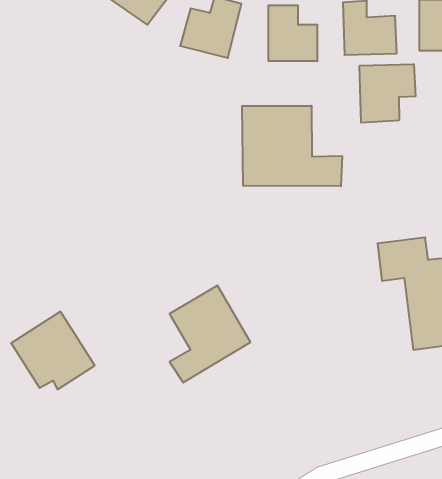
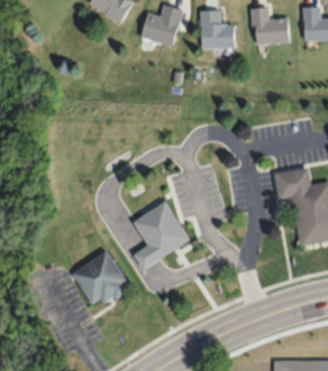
building: [360,64,415,123] -> none
building: [242,106,342,186] -> none
building: [11,312,95,389] -> [72,251,129,305]

